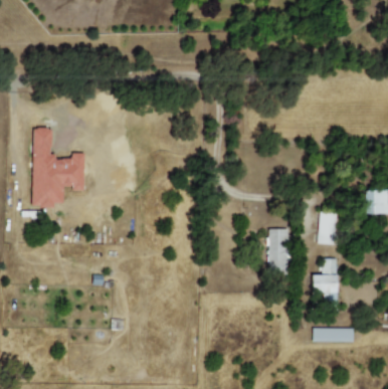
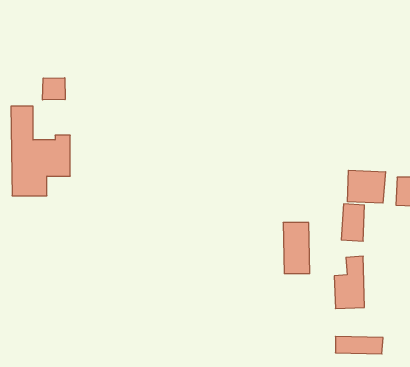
building: none -> [43,78,65,100]
building: none -> [348,170,386,203]

